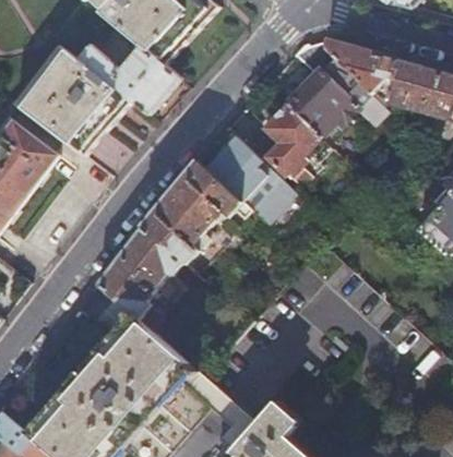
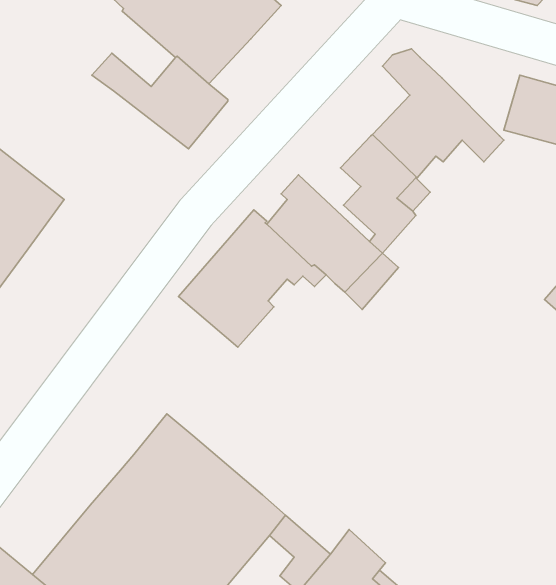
building: [323,39,398,105] -> none
building: [19,49,128,155] -> none
building: [97,226,190,330] -> none

